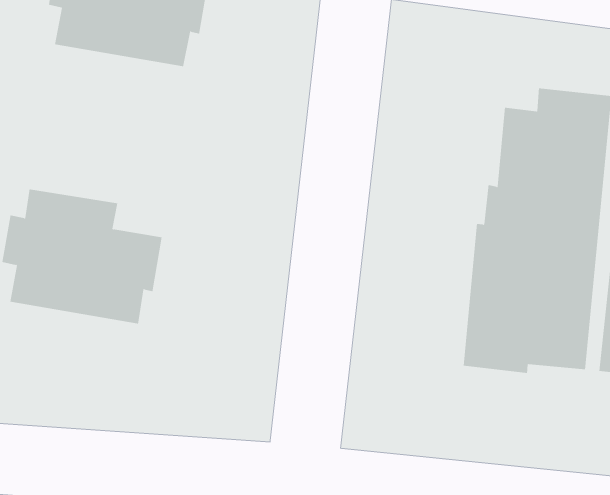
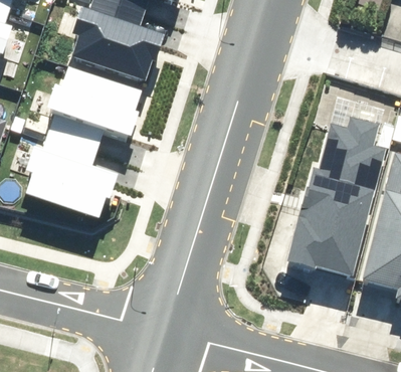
building: none -> [48,67,143,146]

